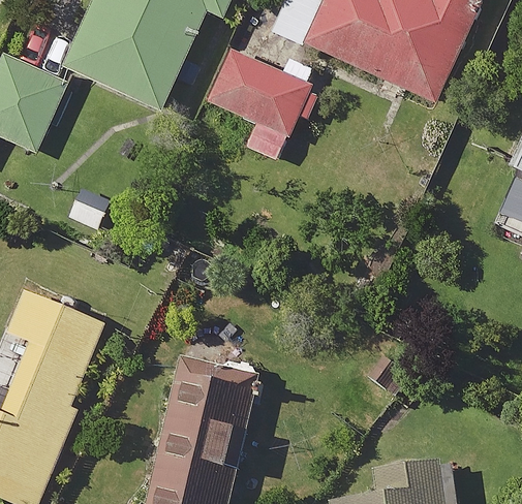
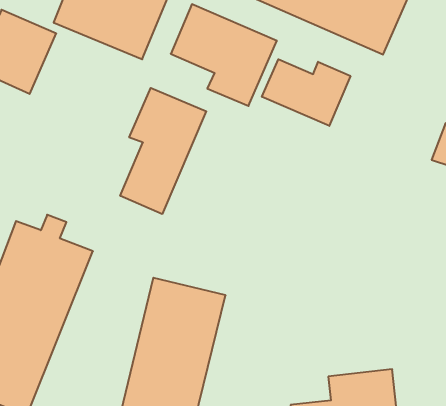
building: none -> [262,59,350,126]
building: none -> [120,88,206,214]

